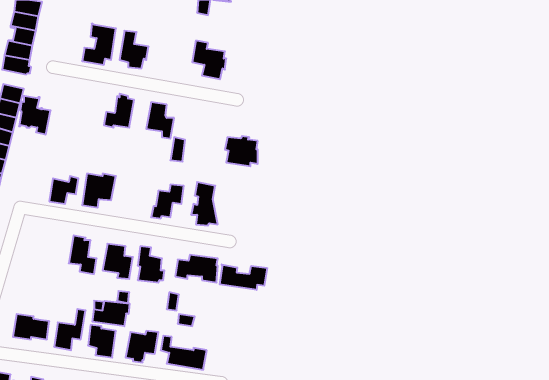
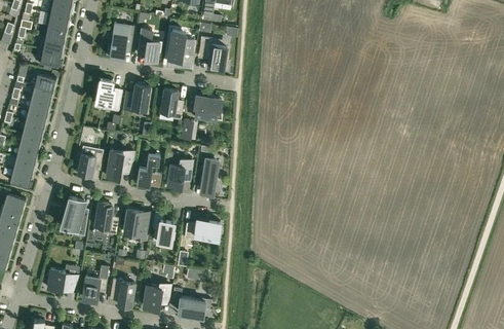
building: none -> [168,30,195,69]
building: [19,96,51,135] -> [95,78,122,111]
building: [225,136,258,166] -> [194,96,222,121]
building: none -> [137,153,160,187]
building: none -> [60,196,88,236]
building: [220,264,267,290] -> none
building: [92,301,129,326] -> none

